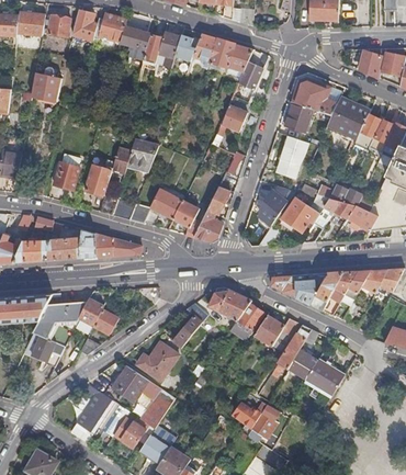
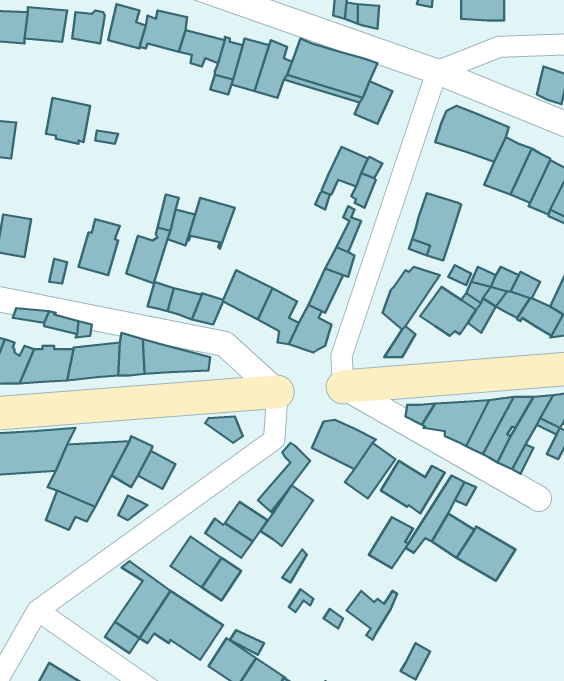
building: [283,101,312,132] -> none
building: [140,387,176,428] -> [260,485,313,546]
building: [251,404,281,438] -> [369,517,413,568]

